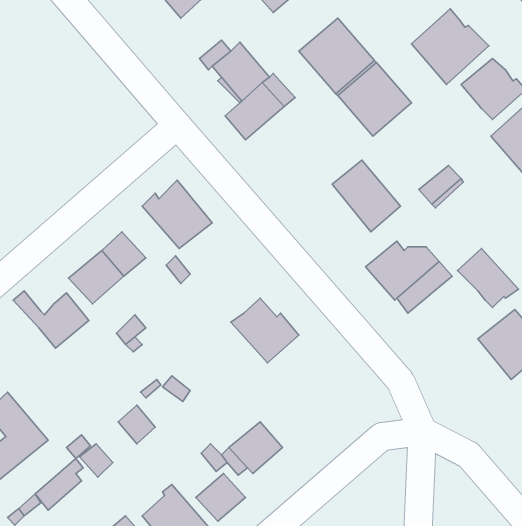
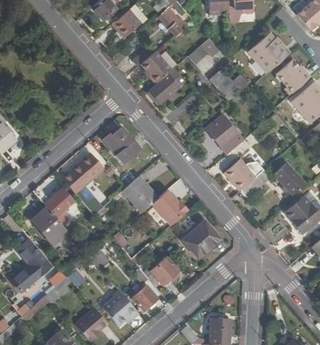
building: none -> [119,176,157,212]
building: none -> [30,206,64,243]
building: none -> [182,221,219,258]

